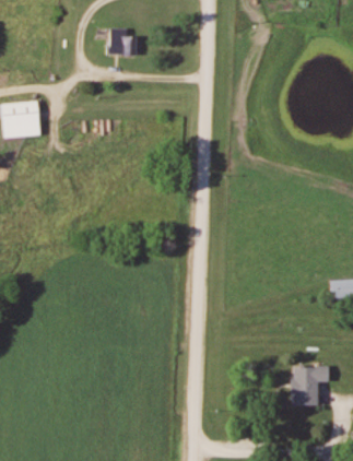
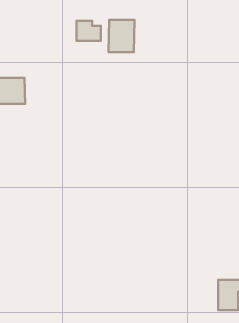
building: none -> [108,20,134,52]

